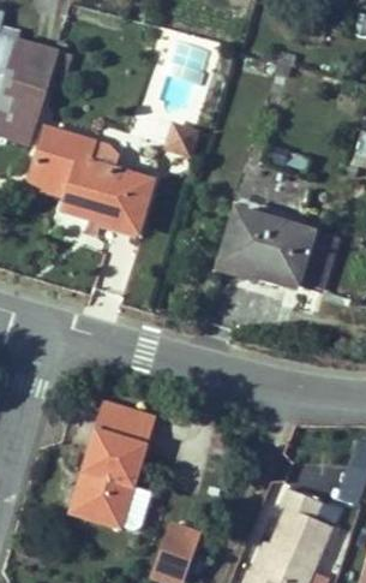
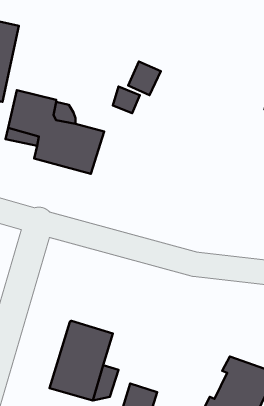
building: [212,219,329,299] -> none
building: [106,401,166,441] -> none

